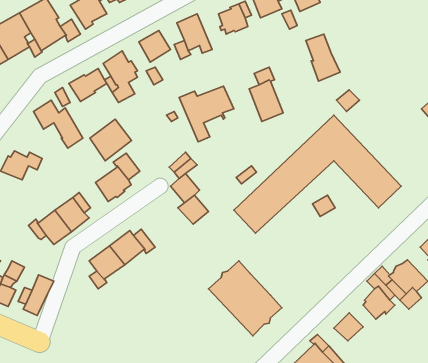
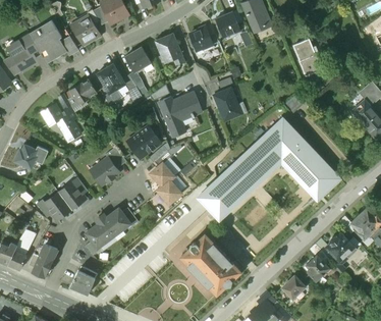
building: [306,34,340,81] -> [295,39,323,76]
building: [90,119,132,161] -> [127,125,161,159]
building: none -> [69,268,98,295]

